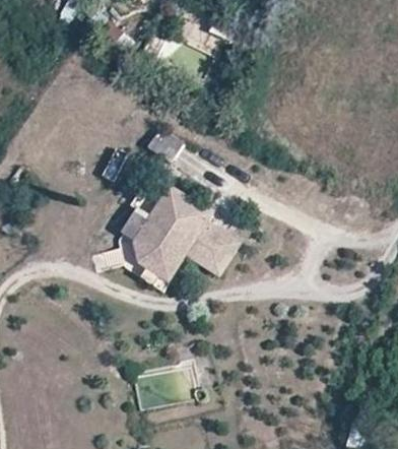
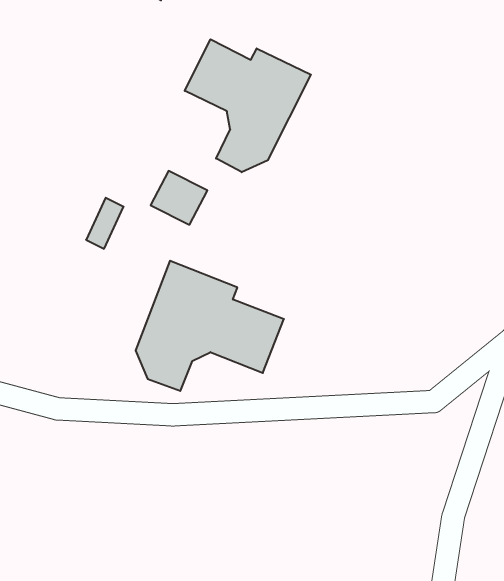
building: none -> [185,39,311,172]

